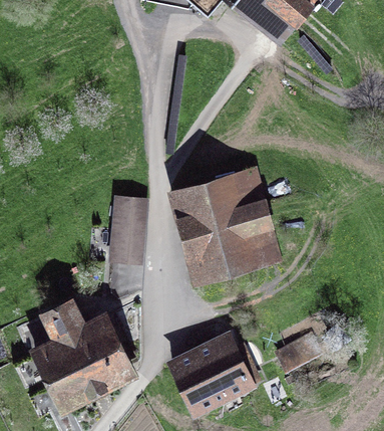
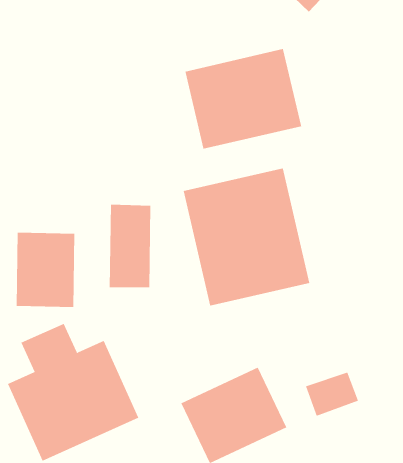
building: none -> [185,48,302,150]
building: none -> [16,232,75,308]

